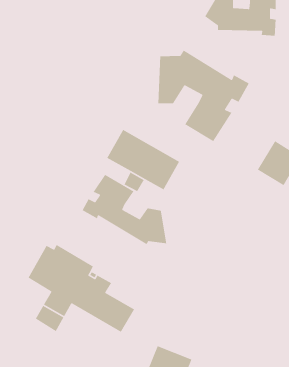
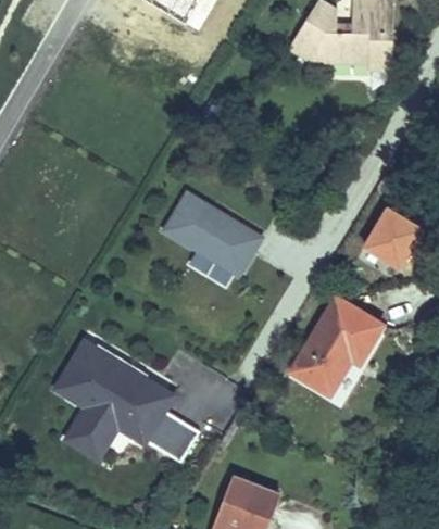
building: [158,50,250,142] -> none
building: [81,174,167,245] -> none
building: none -> [289,298,380,395]

